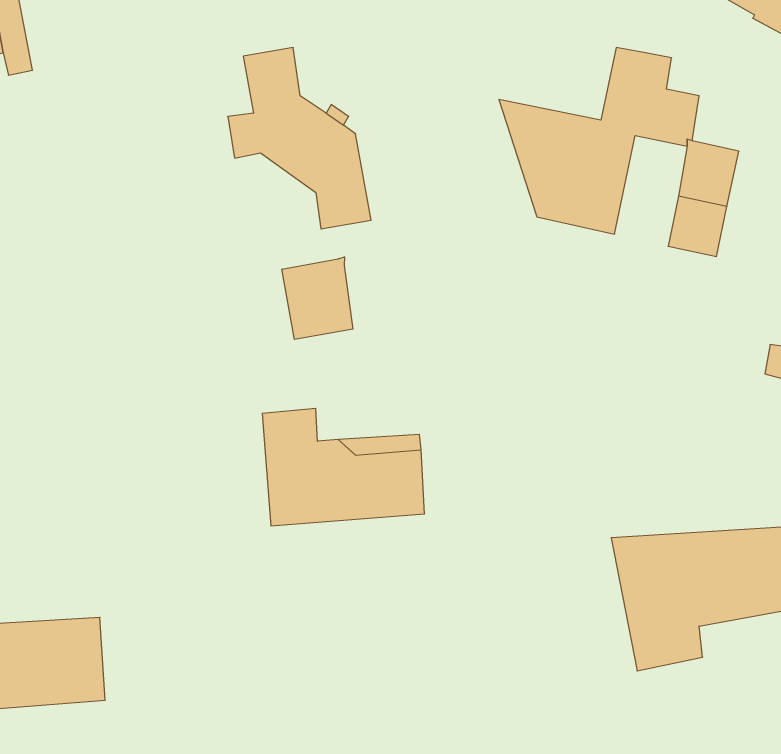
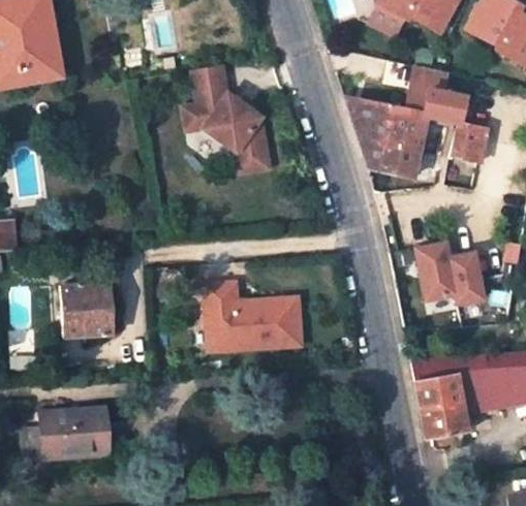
building: [282,257,353,339] -> none
building: none -> [415,240,487,306]
building: none -> [60,282,112,340]

